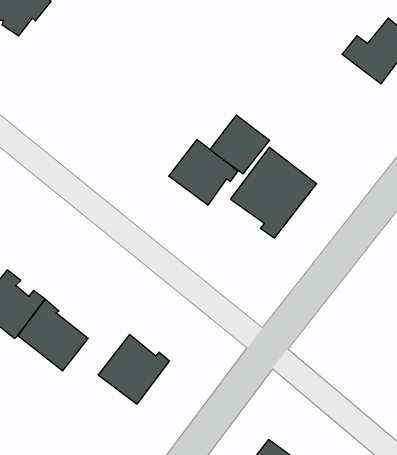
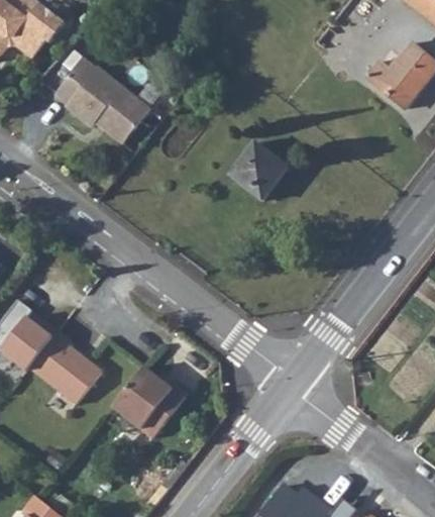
building: none -> [53,57,149,143]
building: [169,140,238,205] -> none
building: [231,147,316,238] -> none

